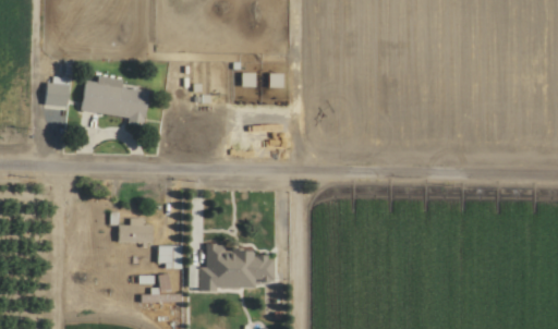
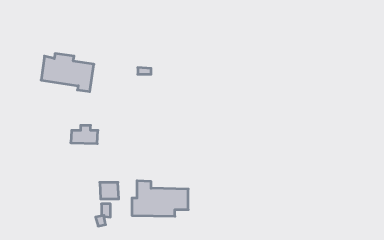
building: [46,82,72,106] -> none
building: [119,218,155,242] -> [71,125,98,144]

